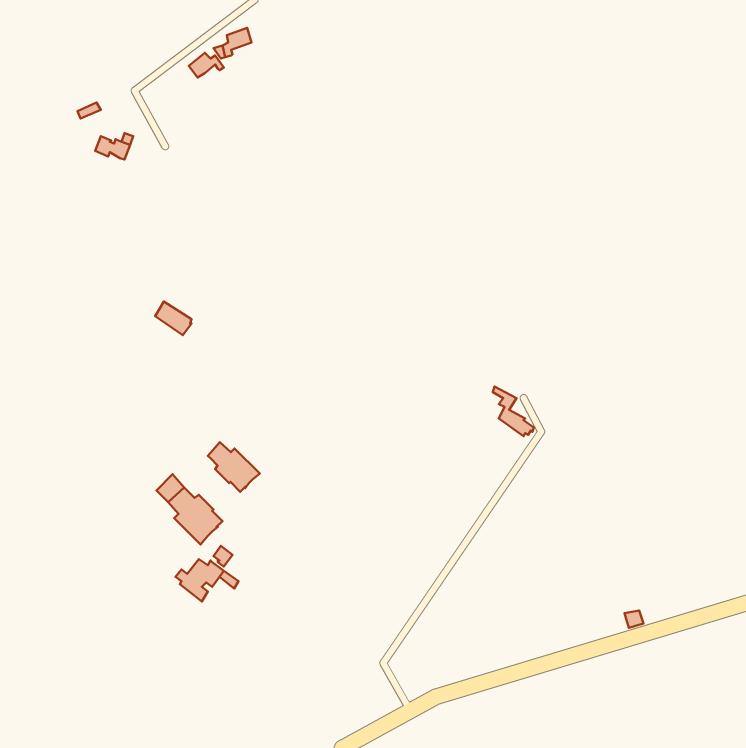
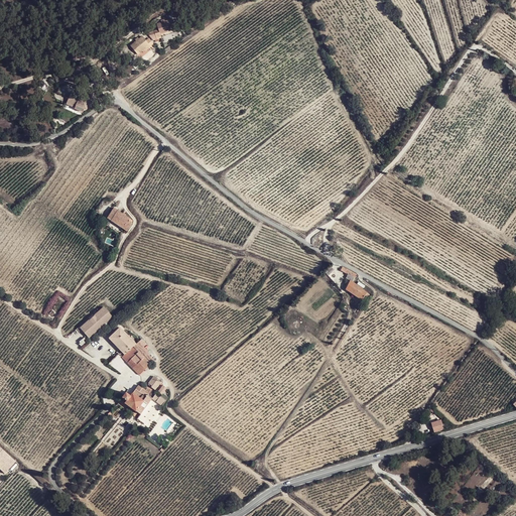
building: [208,442,260,492] -> none
building: none -> [80,306,111,337]

